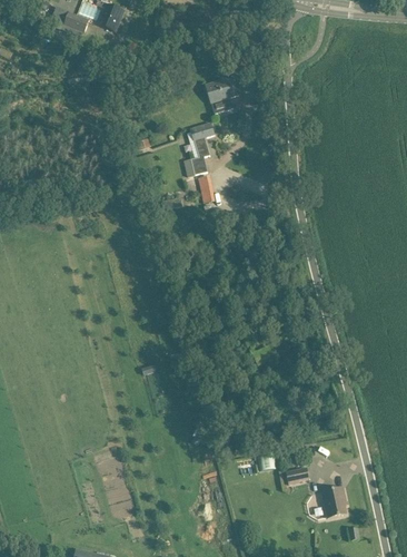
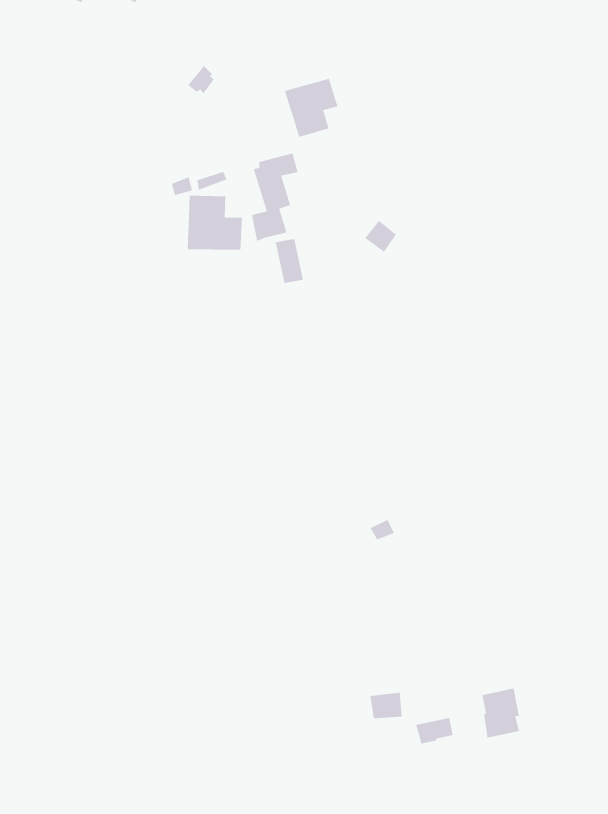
building: none -> [187,195,243,251]
building: [322,486,346,517] -> [481,688,520,739]

